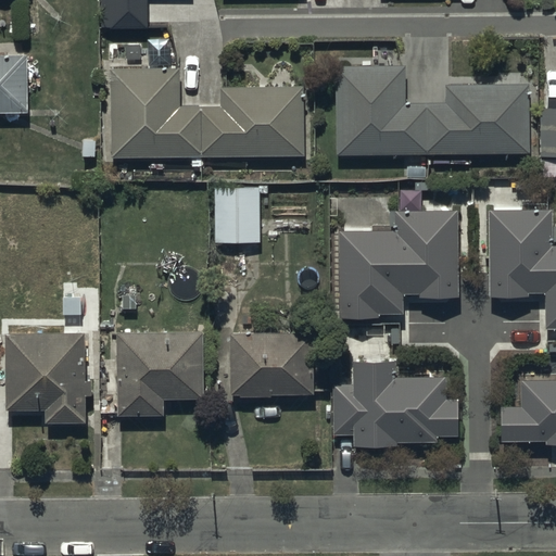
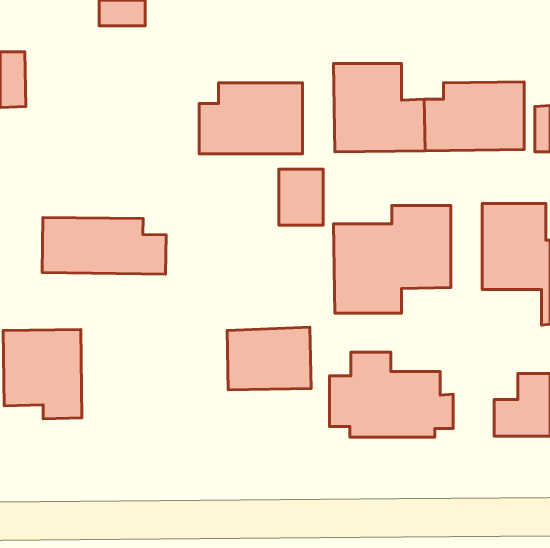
building: [111,70,201,157] -> none
building: [214,188,258,244] -> [279,169,323,225]
building: none -> [42,217,166,274]
building: [117,330,207,416] -> none

